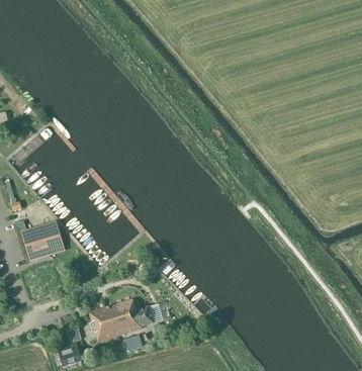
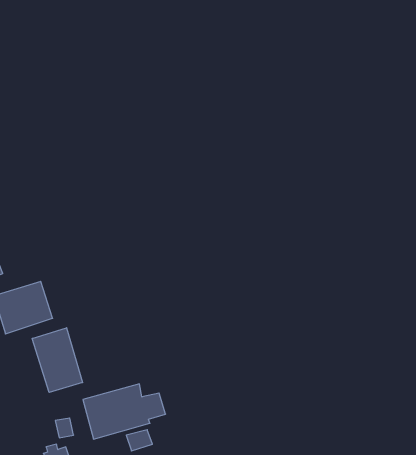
building: none -> [32,328,83,392]

